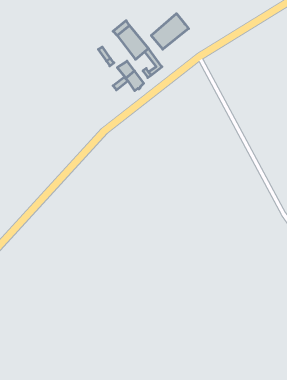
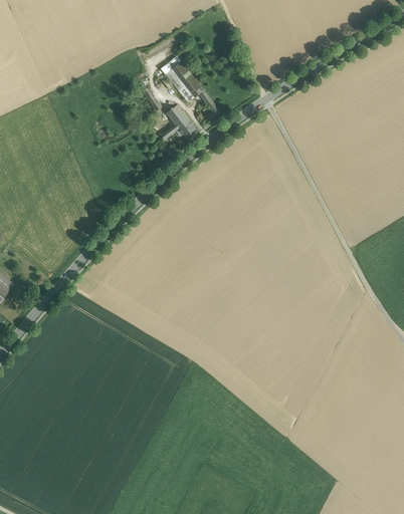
building: [151,14,189,49] -> none

